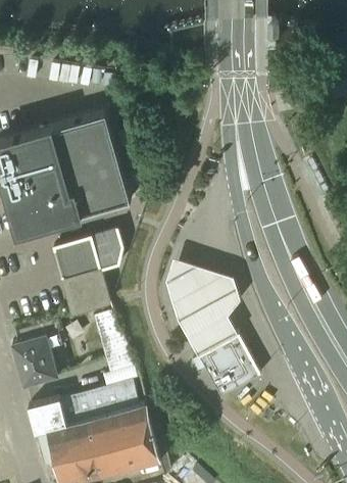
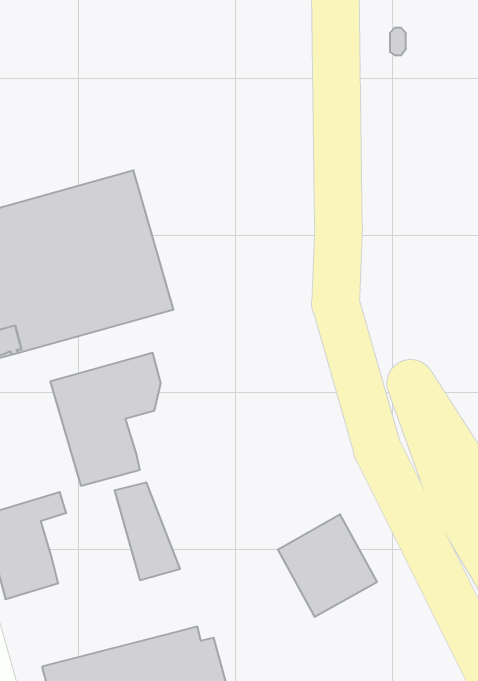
building: [166,262,241,356] -> none
building: [29,383,139,435] -> none

